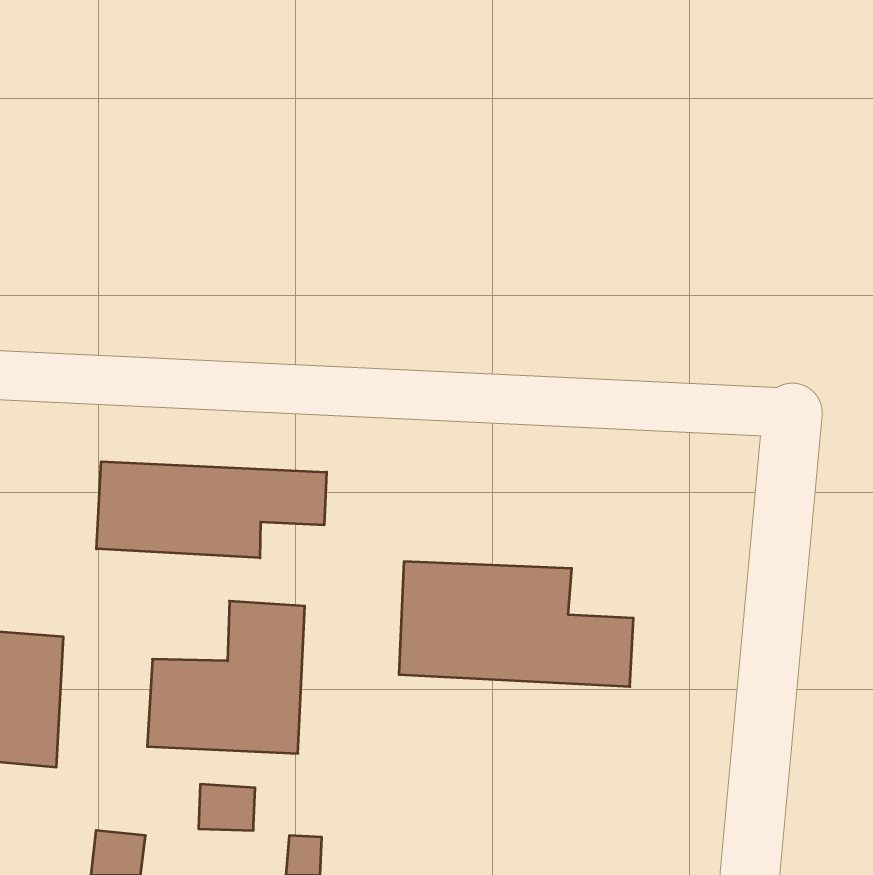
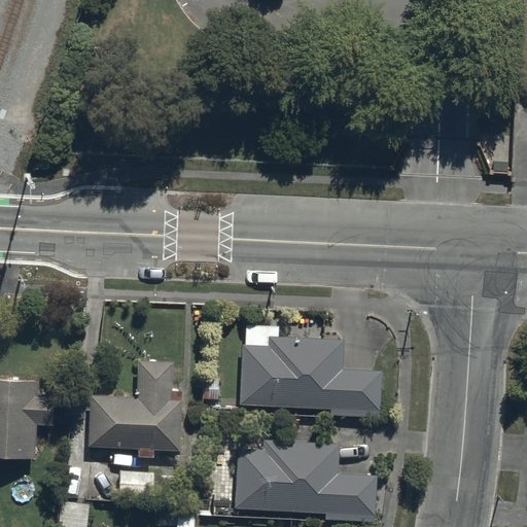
building: [96,462,327,558] -> none
building: none -> [236,438,378,516]

